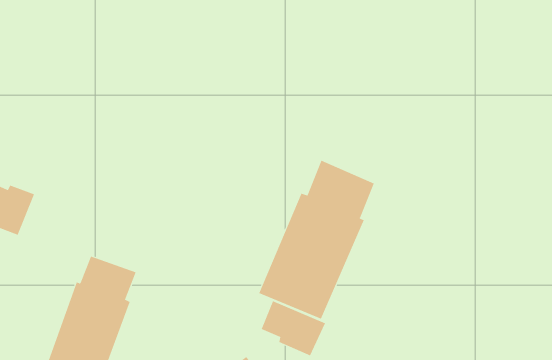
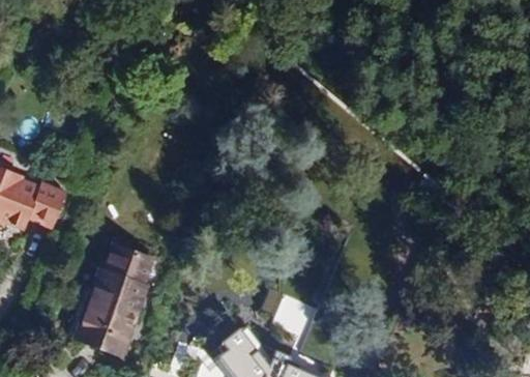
building: [259,160,375,319] -> none

